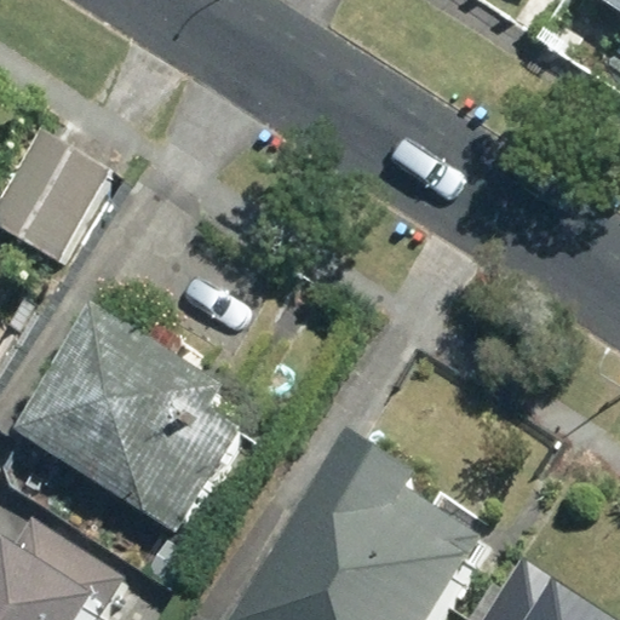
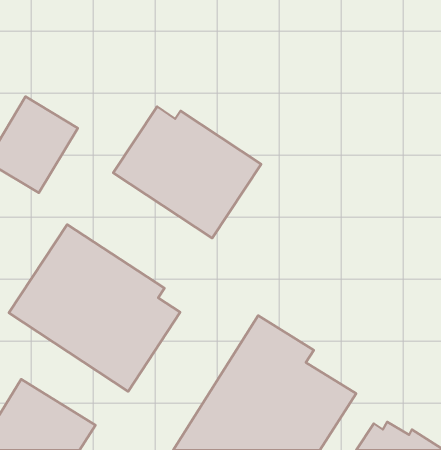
building: none -> [113,107,261,238]

